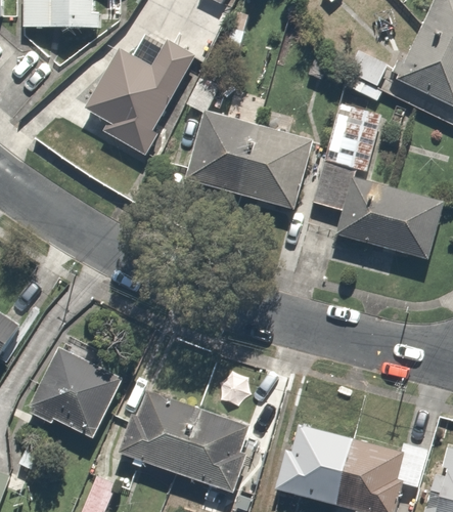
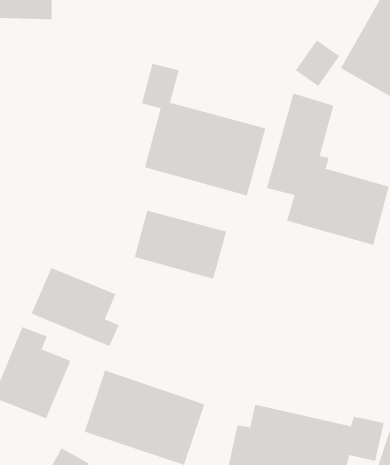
building: [83,41,196,161] -> none
building: none -> [134,210,227,279]
building: none -> [31,267,120,347]

